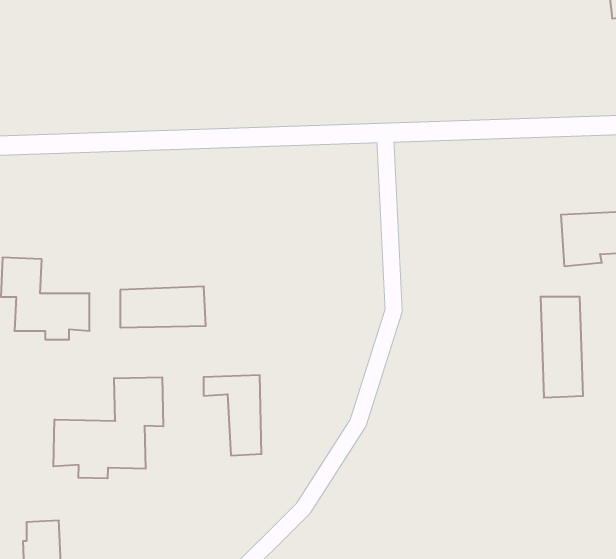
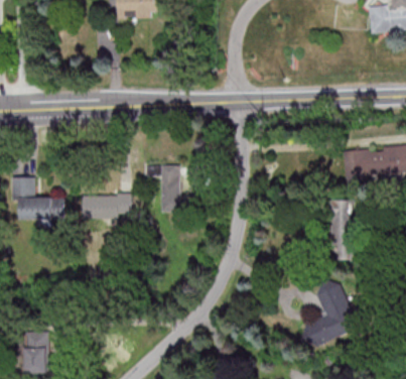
building: [204,375,262,456] -> [145,164,179,212]
building: [54,377,163,478] -> none
building: none -> [298,277,357,348]

